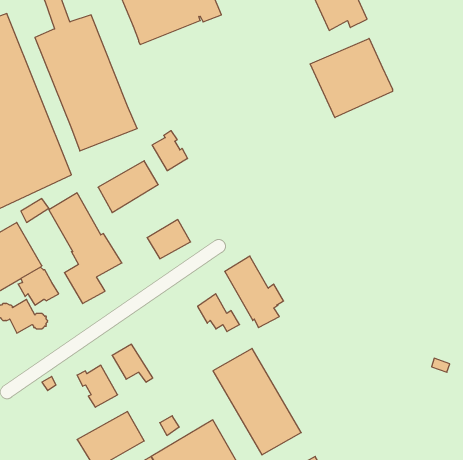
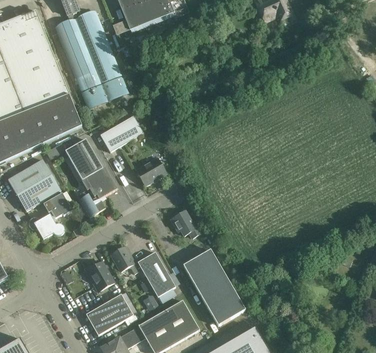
building: [310,38,393,118] -> none
building: [152,131,188,171] -> none
building: [225,256,284,328] -> [137,251,179,302]

